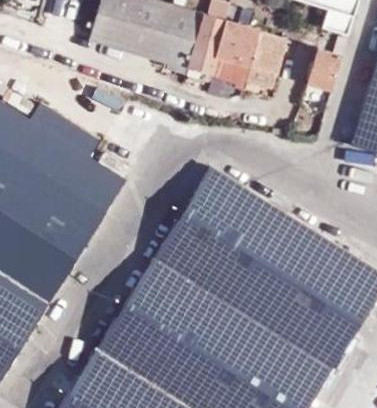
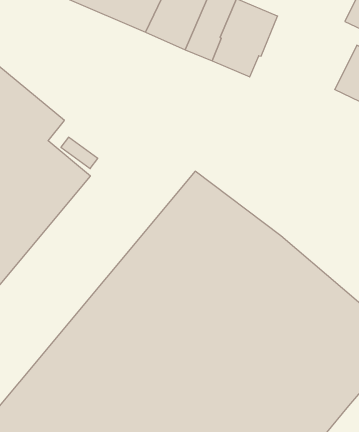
building: [247,32,288,89] -> none

